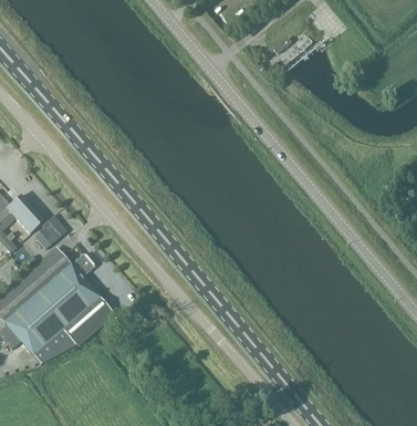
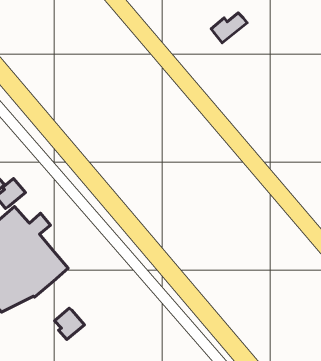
building: none -> [54,308,84,340]

